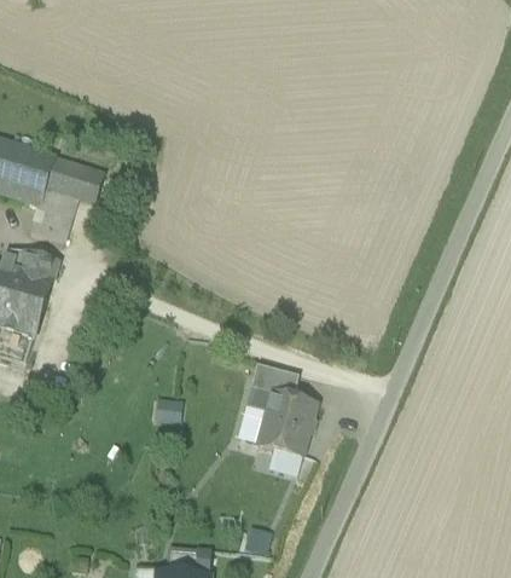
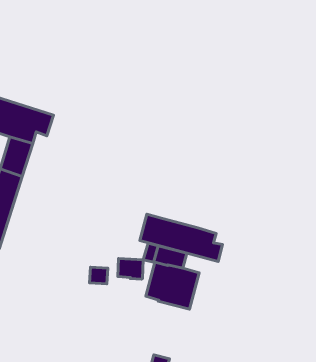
building: none -> [140,214,223,262]
building: none -> [118,259,143,279]

